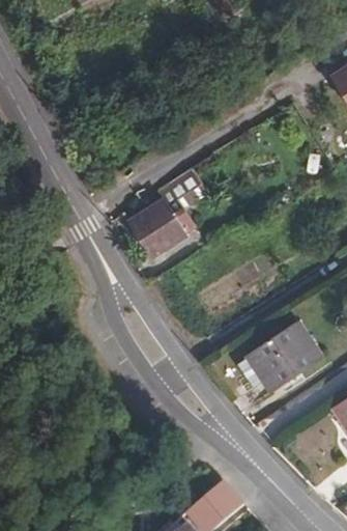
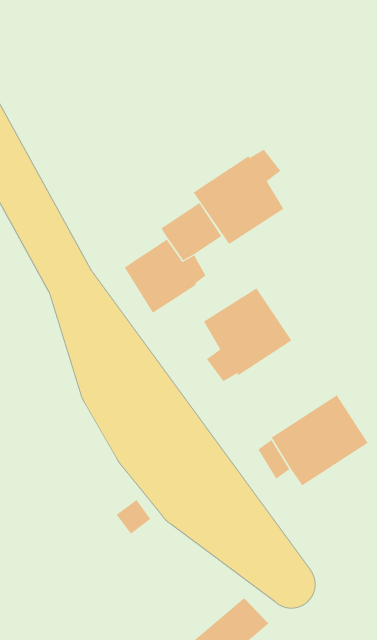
building: none -> [193,149,284,245]
building: none -> [203,288,292,382]

